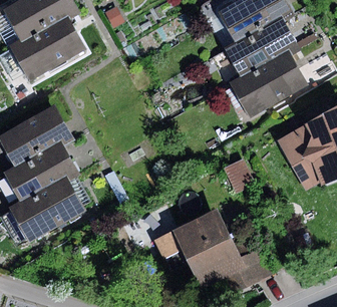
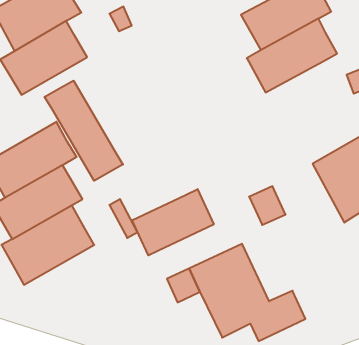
building: [228,51,307,118] -> none
building: none -> [45,81,123,181]
building: none -> [132,189,214,255]

